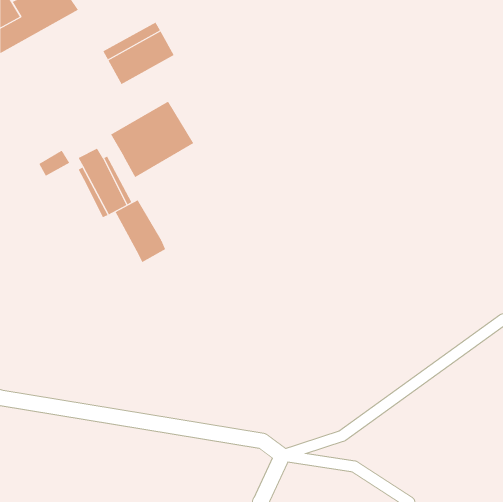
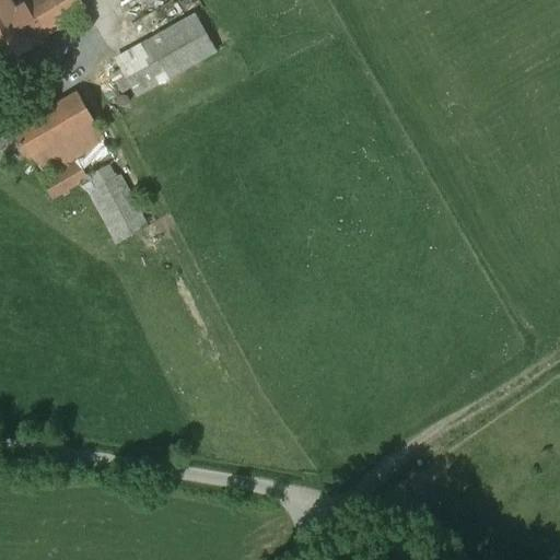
building: none -> [173,11,215,61]
building: [110,101,194,178] -> [12,91,105,176]
building: [115,199,166,263] -> none

